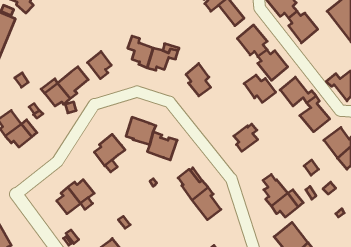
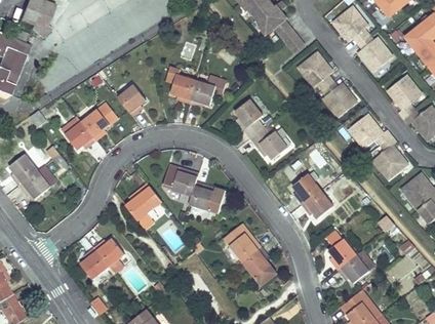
building: none -> [388,77,423,120]
building: [244,75,276,102] -> [250,127,288,160]
building: none -> [302,190,333,218]

